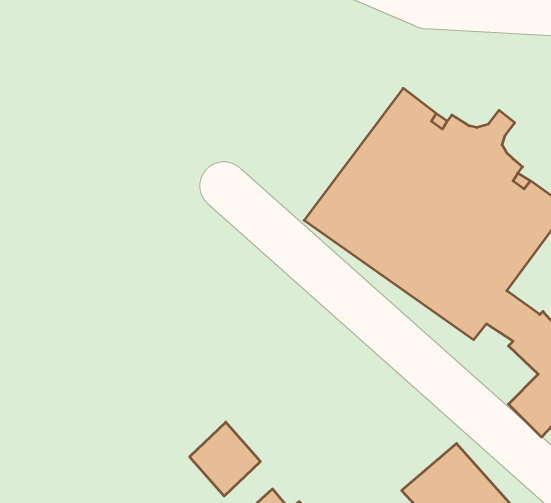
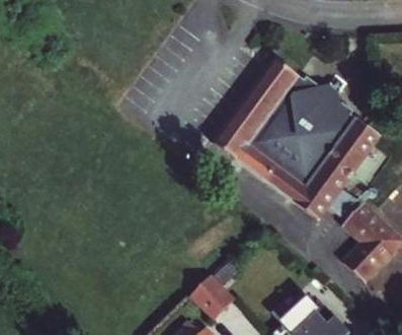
building: [190,422,260,496] -> [193,274,239,322]

